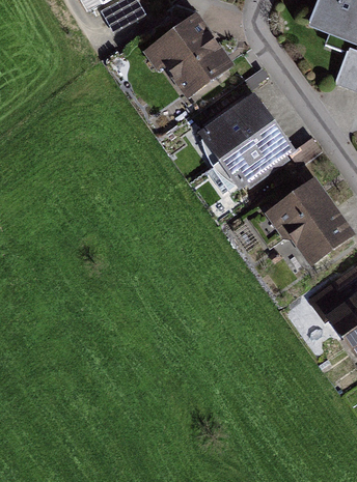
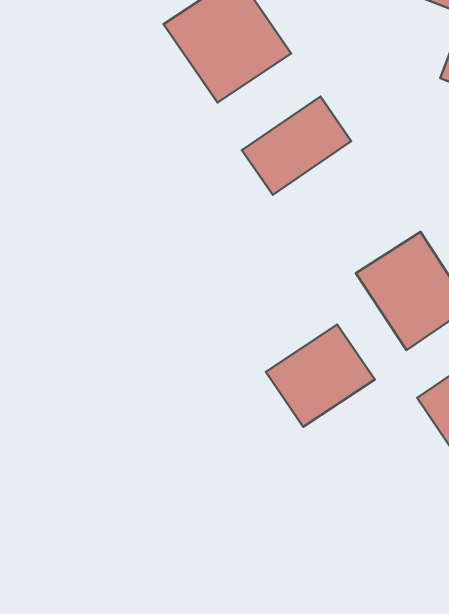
building: [219,124,292,191] -> none
building: none -> [266,325,375,427]

